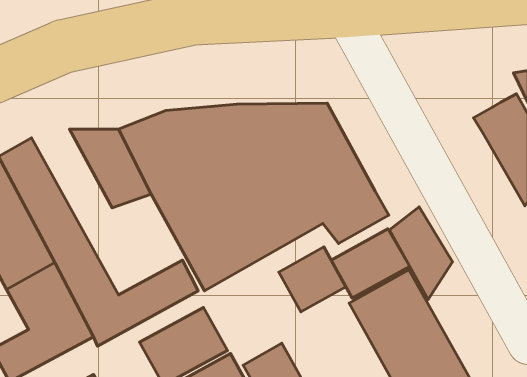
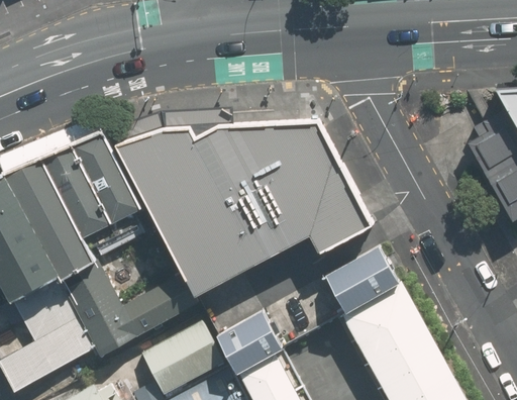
building: none -> [38,142,113,239]
building: [389,207,453,300] -> none
building: [279,247,346,312] -> [216,309,281,372]

